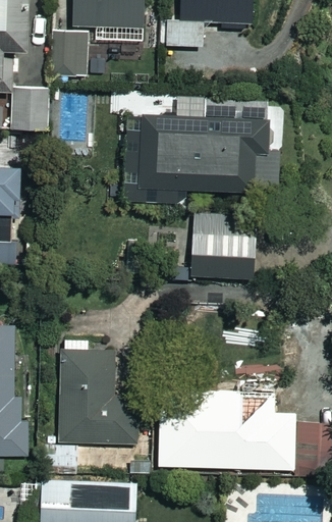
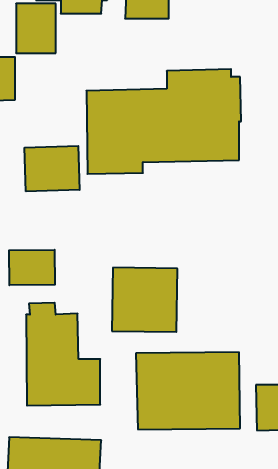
building: none -> [25,146,80,191]
building: [190,212,258,278] -> [112,268,177,332]
building: none -> [9,250,55,285]

